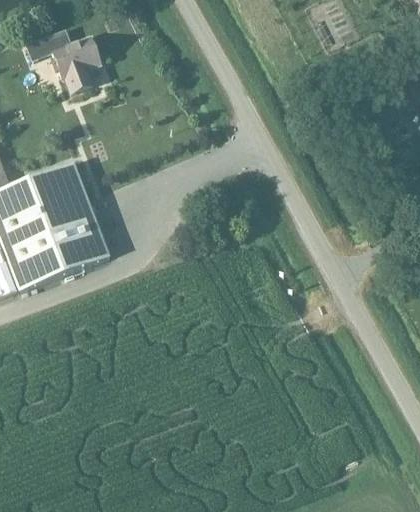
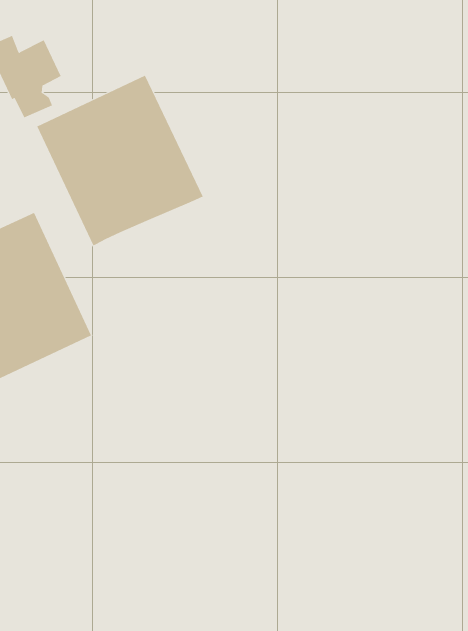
building: none -> [37,75,203,246]

